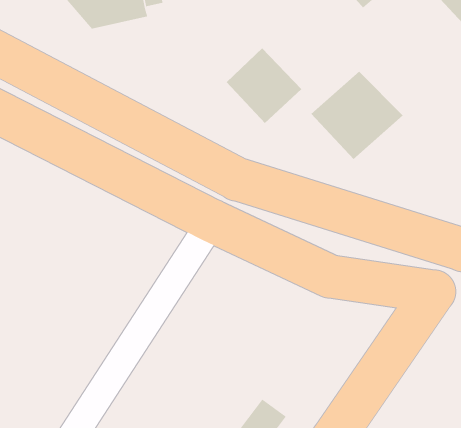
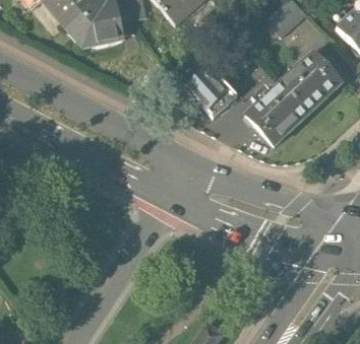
building: none -> [279,48,344,112]

